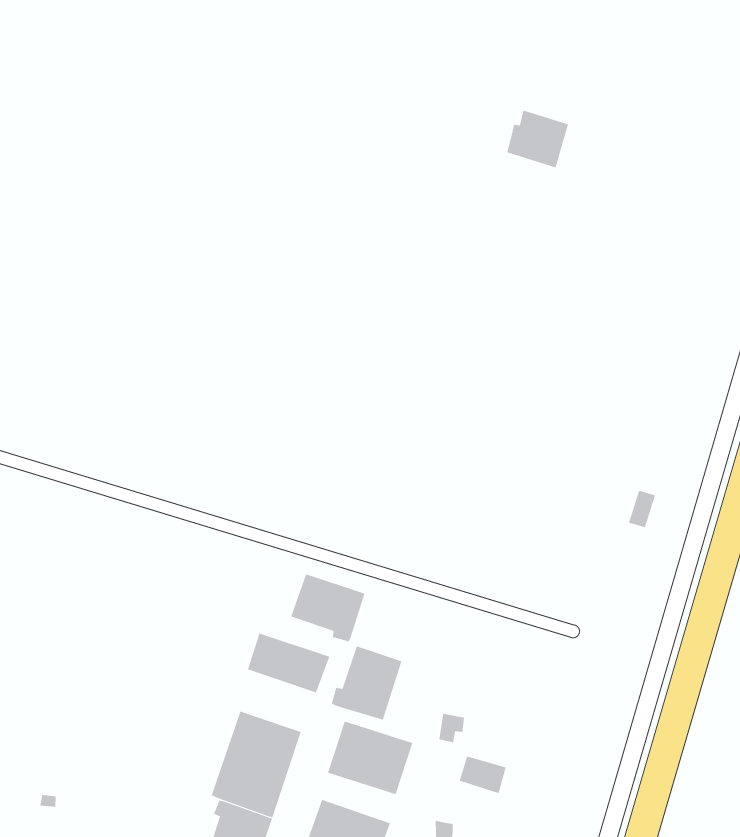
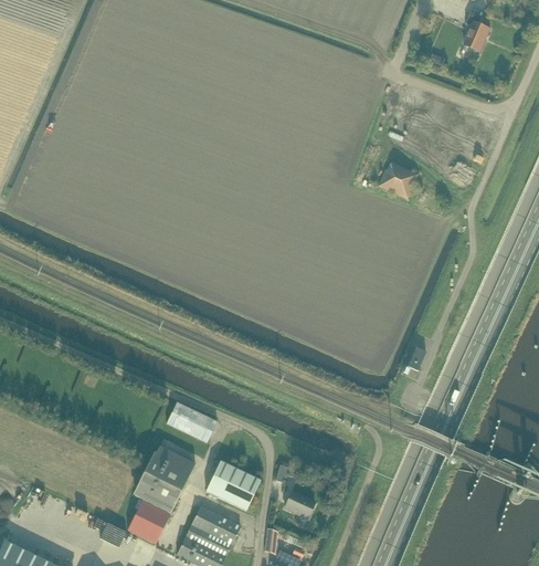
building: [506,110,569,168] -> [378,161,418,199]
building: [291,574,365,642] -> none
building: [331,645,402,720] -> none

